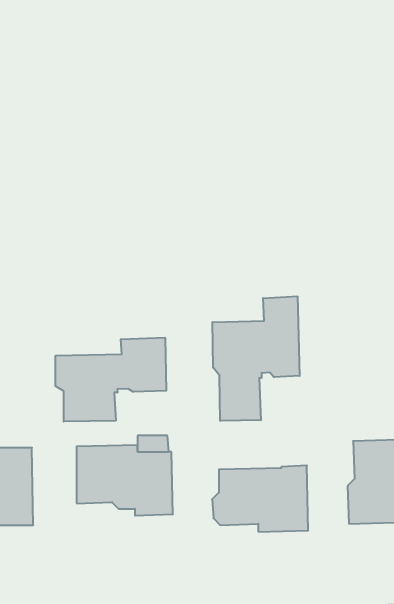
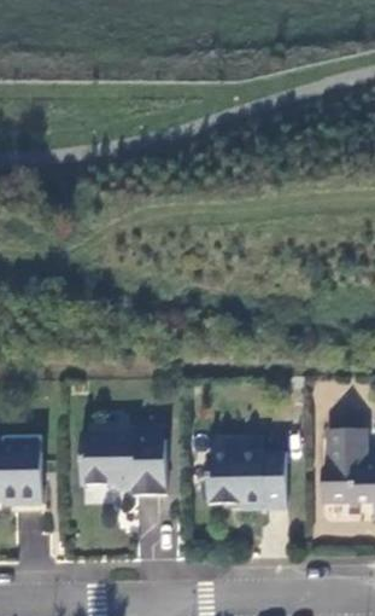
building: [212,296,300,421] -> none
building: [56,338,166,422] -> none

